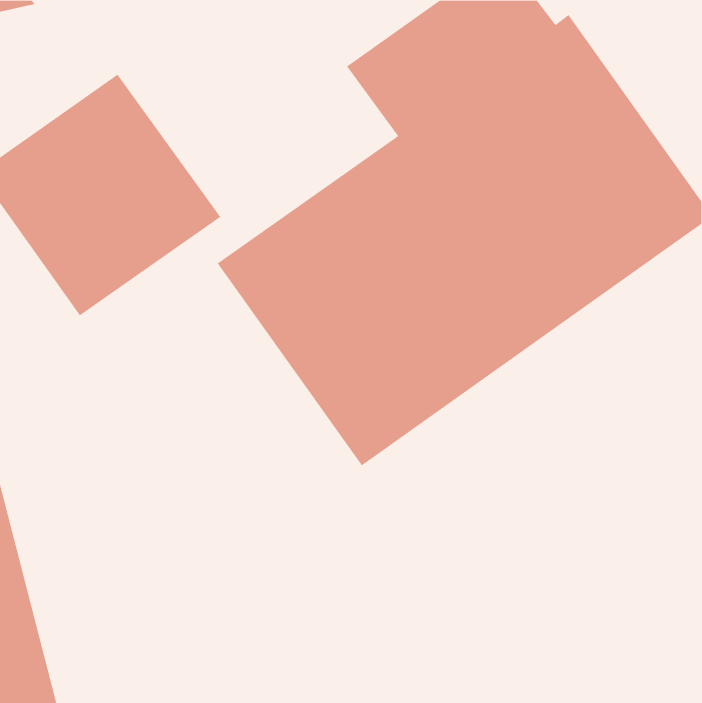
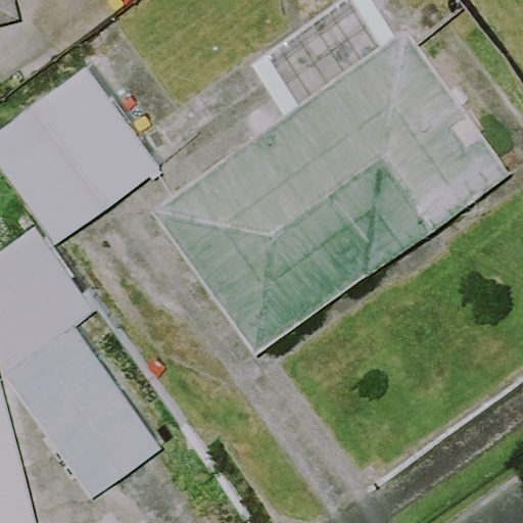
building: none -> [4,320,173,500]

